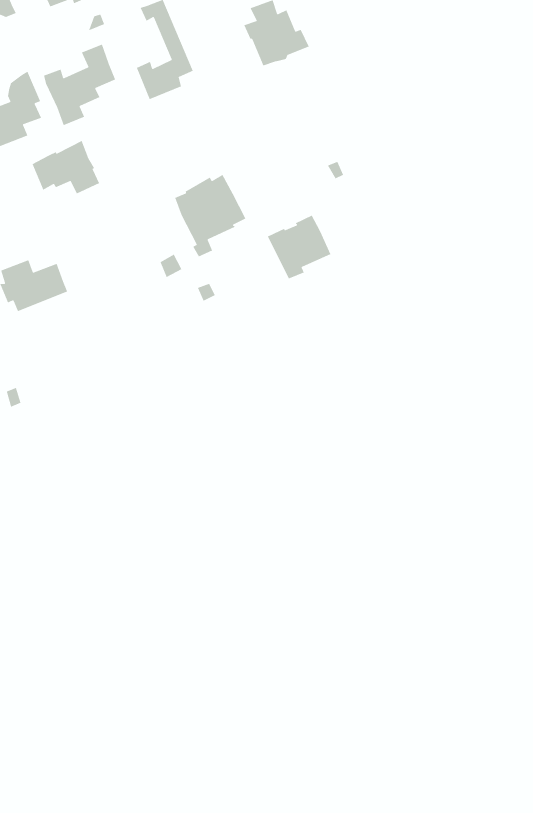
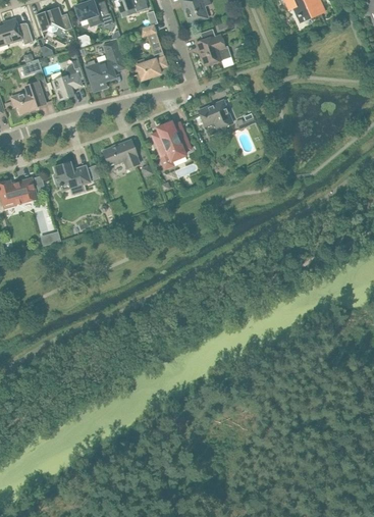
building: [32,140,100,194] -> [103,139,140,168]
building: [267,215,332,280] -> [198,100,232,135]

